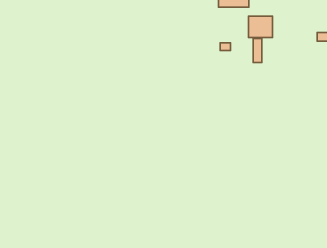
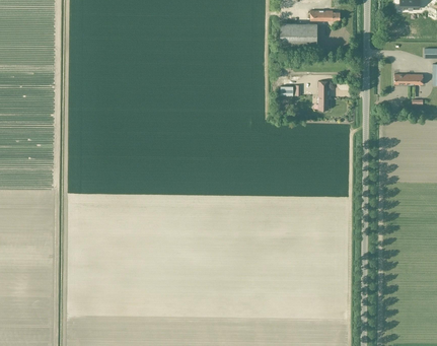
building: [249,16,273,37] -> none

